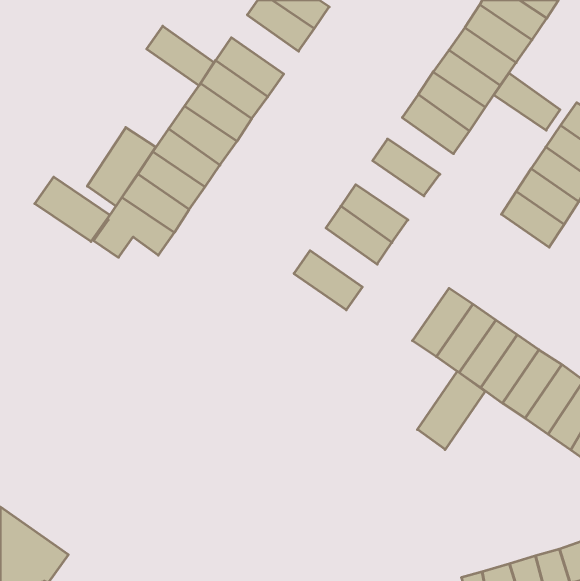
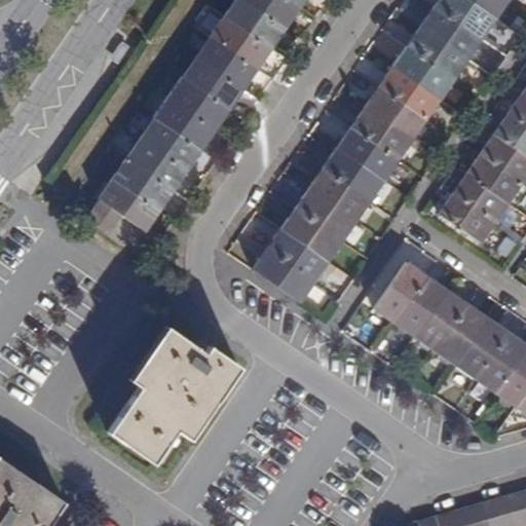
building: [147,26,214,85] -> [211,14,271,68]
building: [494,73,560,130] -> [351,107,411,158]
building: [87,127,156,206] -> none
building: none -> [323,146,384,199]
building: [35,177,110,242] -> none
building: none -> [441,194,497,243]
building: none -> [281,206,342,260]
building: none -> [253,248,314,301]
building: none -> [109,327,240,462]
building: [417,371,485,450] -> none

